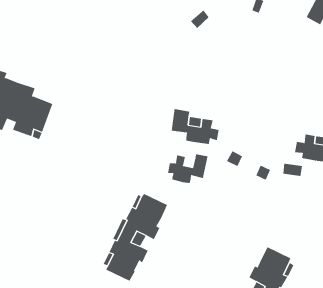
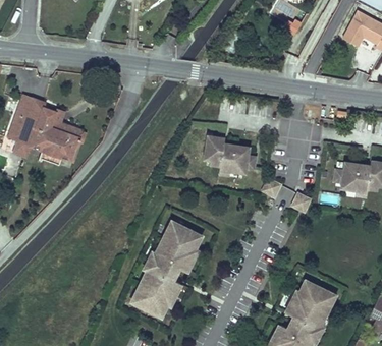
building: [167,153,208,184] -> none

